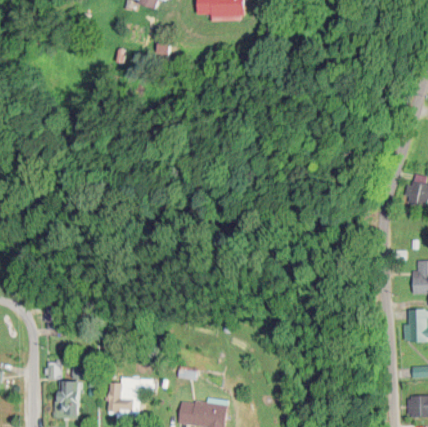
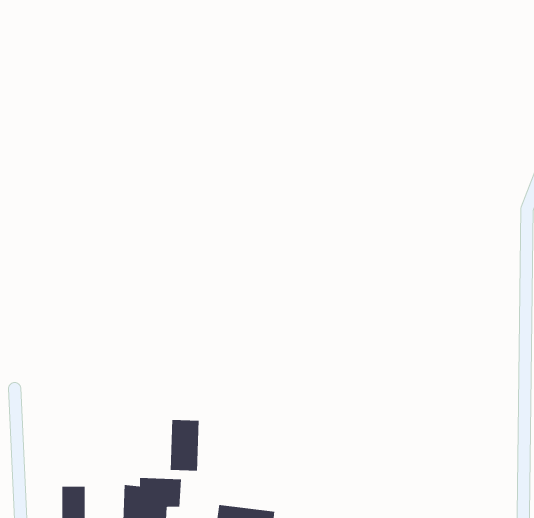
building: none -> [170,419,199,471]

